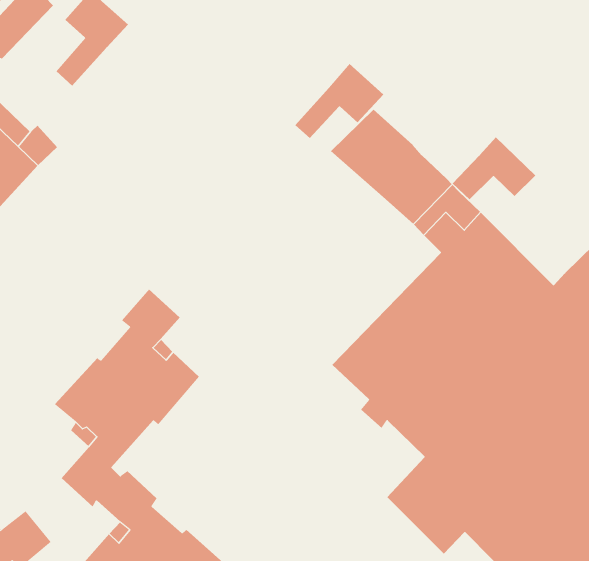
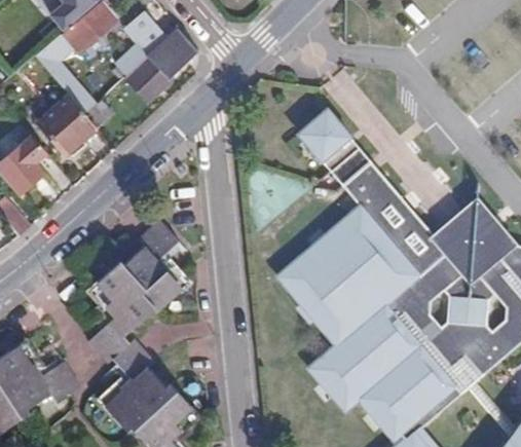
building: none -> [126,27,196,101]
building: [294,63,384,139] -> none
building: [452,137,536,200] -> none

